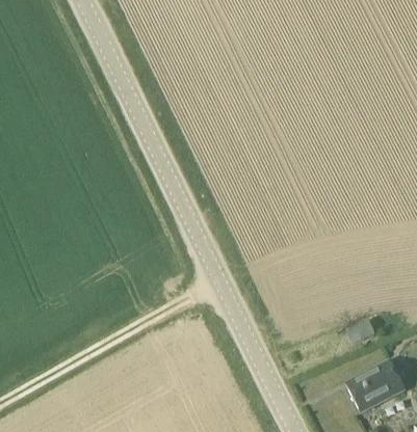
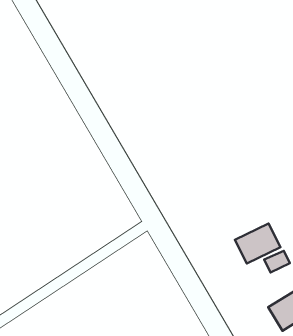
building: none -> [235,223,280,264]

